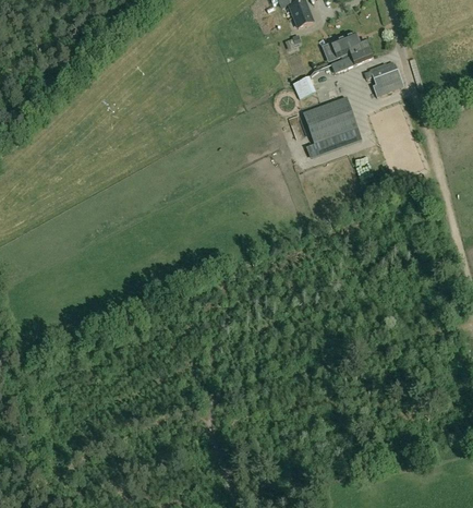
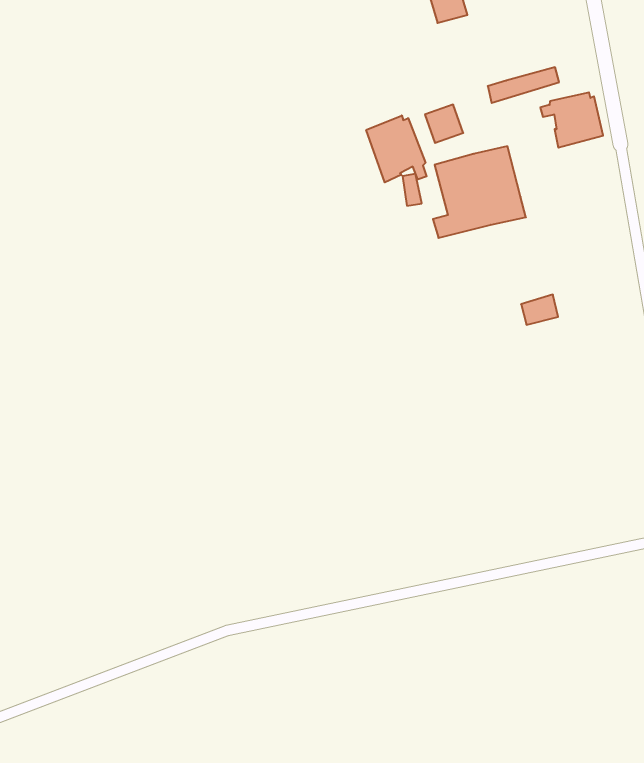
building: [330,32,368,58] -> none
building: none -> [366,115,427,182]

